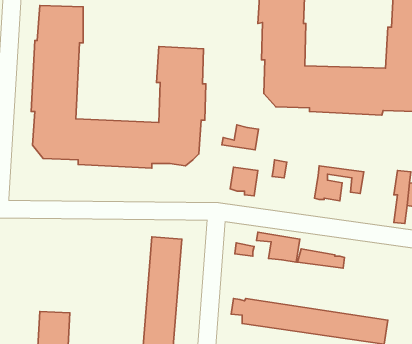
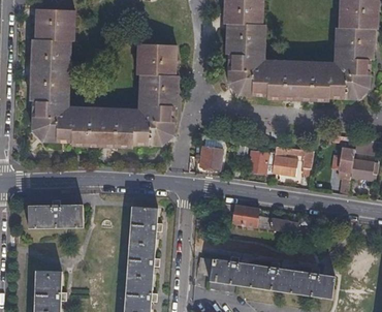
building: [222,125,258,150] -> none
building: none -> [248,150,275,175]
building: none -> [28,205,83,227]

